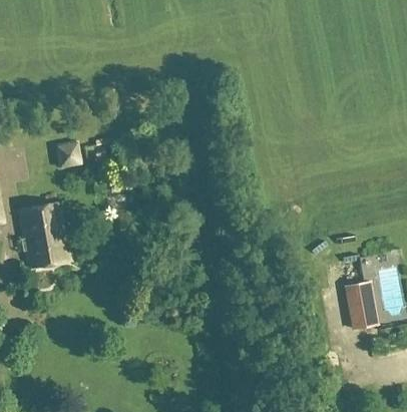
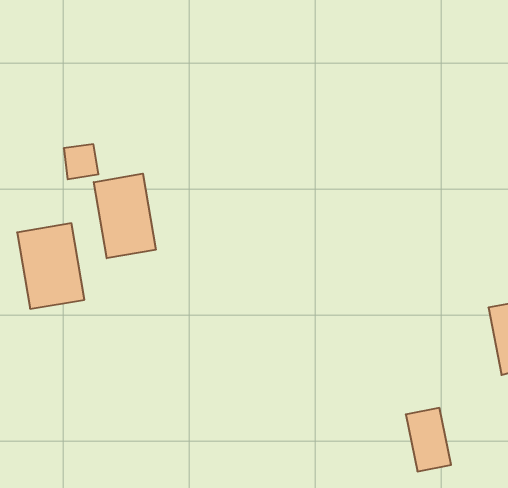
building: none -> [94,174,156,258]
building: [346,282,381,331] -> [406,408,451,471]

